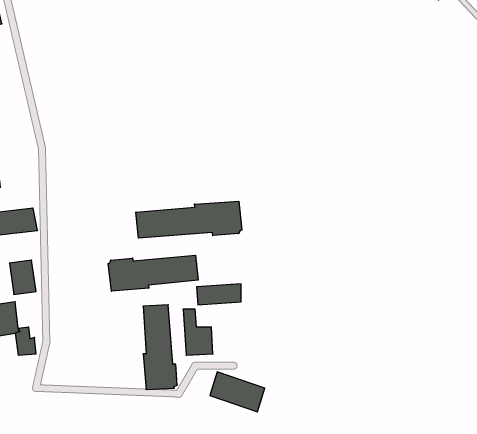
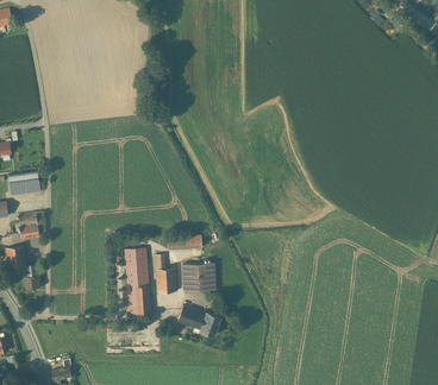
building: [136,201,242,238] -> none
building: [108,255,198,291] -> none
building: none -> [183,261,215,290]

